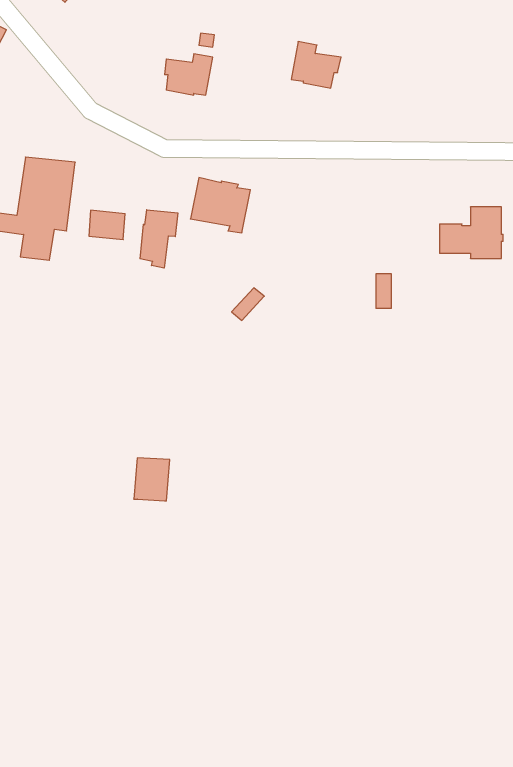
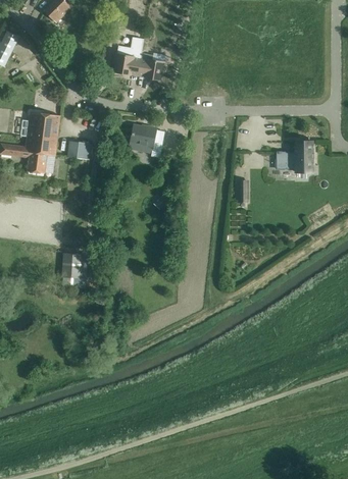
building: [291,42,341,88] -> [137,52,166,79]
building: [140,210,178,268] -> none
building: [134,458,170,501] -> [60,252,82,277]

